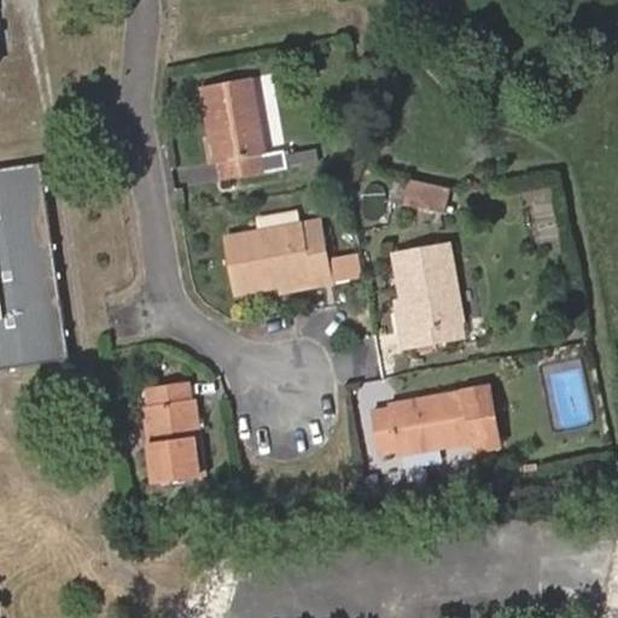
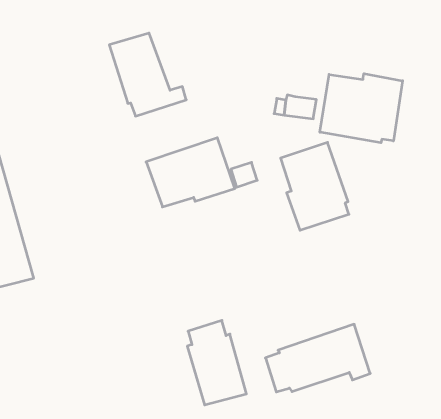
building: none -> [320,74,403,143]
building: [140,380,204,480] -> [187,320,246,405]
building: [371,384,496,455] -> [265,324,370,392]

